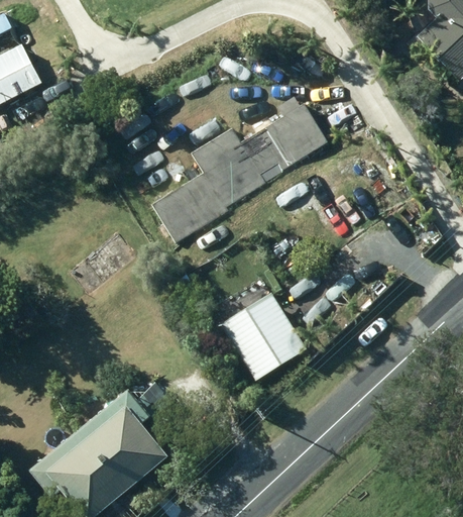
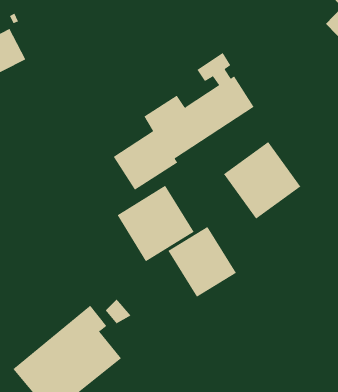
building: none -> [223,141,301,220]
building: none -> [117,185,194,262]

